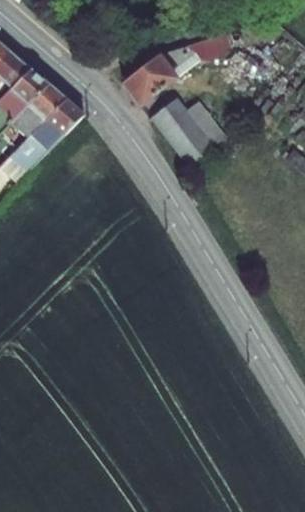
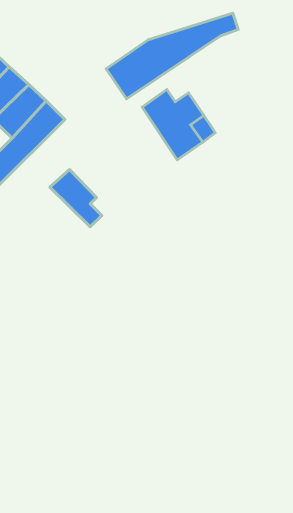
building: none -> [50,170,102,227]

